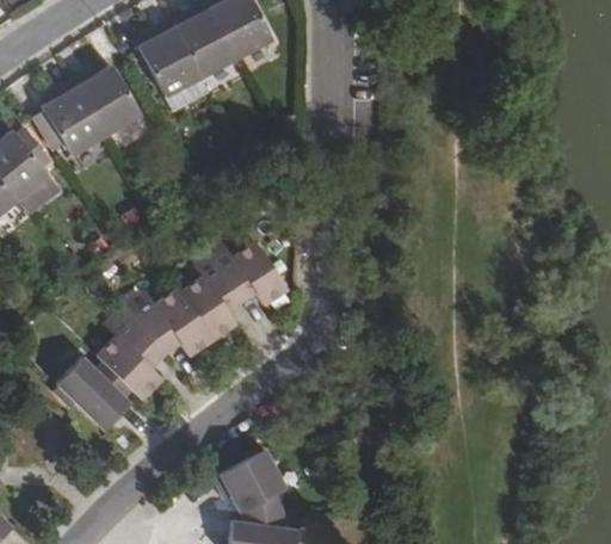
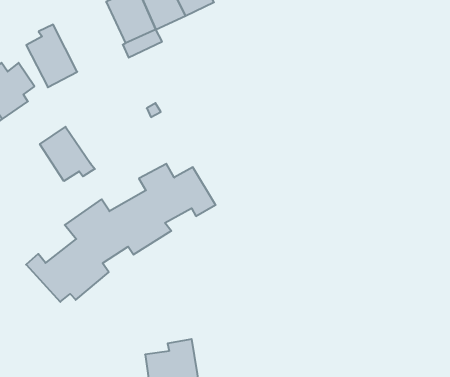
building: [75,63,143,135] -> none
building: none -> [40,127,95,181]

